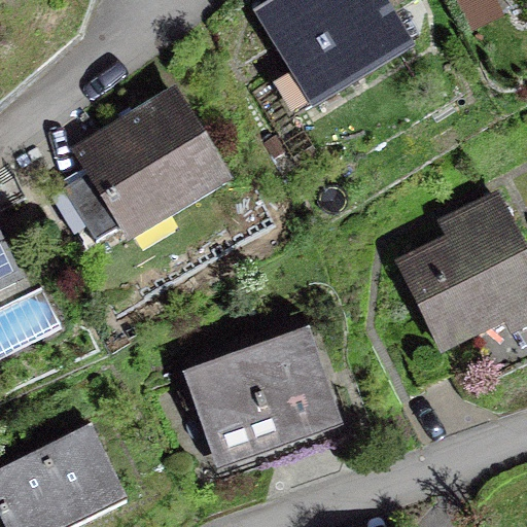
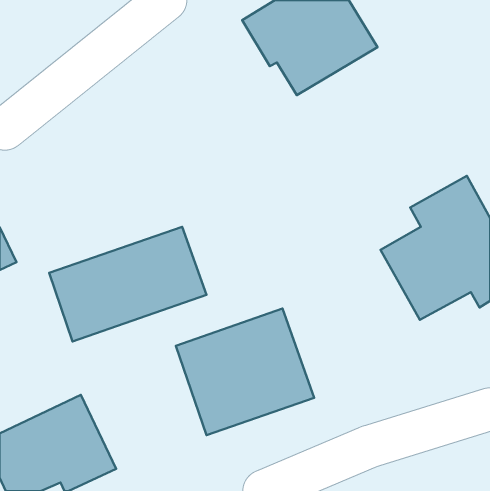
building: [64,97,219,245] -> none
building: none -> [49,227,206,341]

